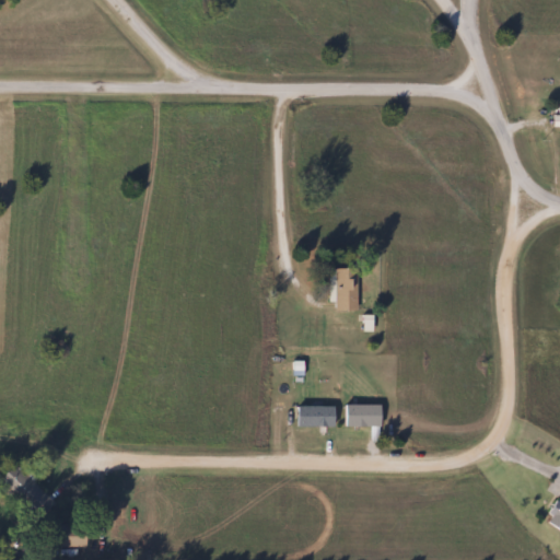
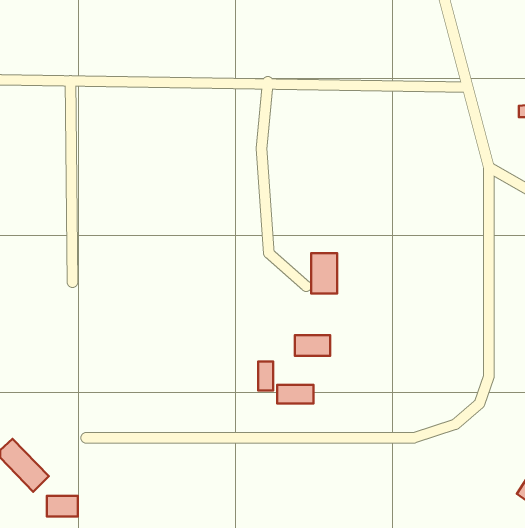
building: none -> [258,361,273,391]
building: [346,404,383,425] -> [295,335,330,356]

